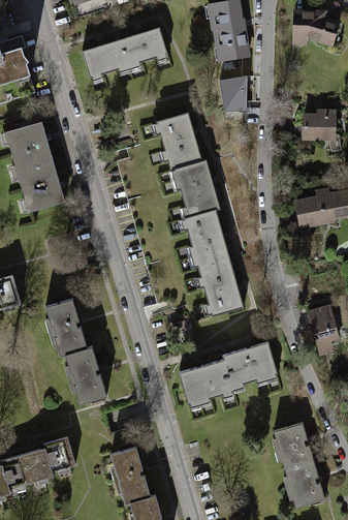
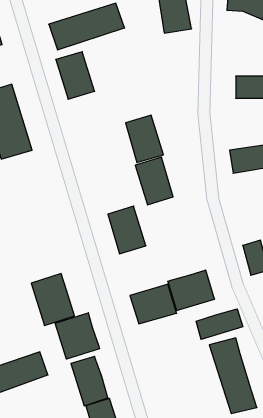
building: [219,71,247,108] -> none
building: [156,113,201,169] -> [56,52,95,99]
building: [197,256,242,312] -> [108,206,146,254]
building: [43,293,94,354] -> none
building: none -> [196,309,243,339]
building: none -> [55,313,100,359]

